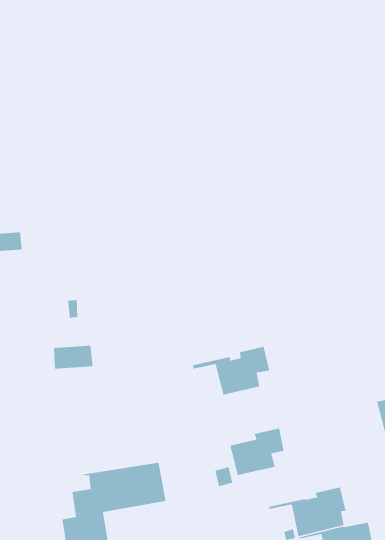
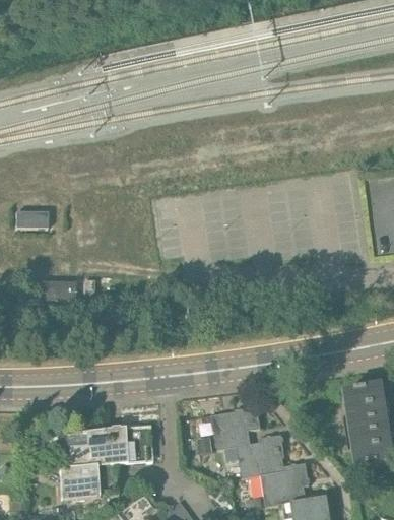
building: [53,345,93,370] -> [41,279,75,300]
building: [192,346,270,395] -> [216,434,284,473]

